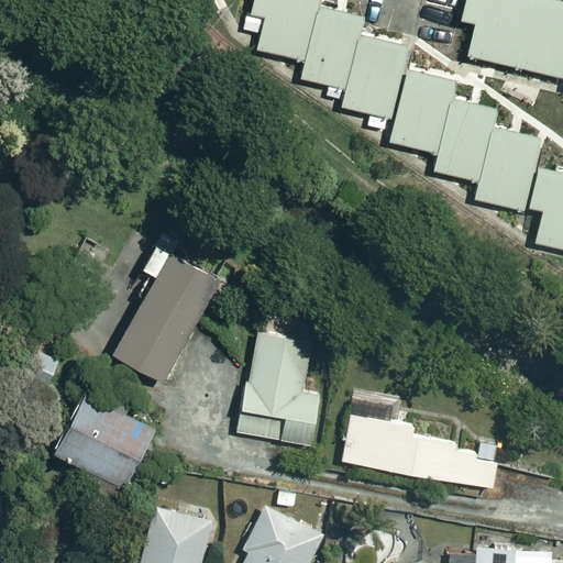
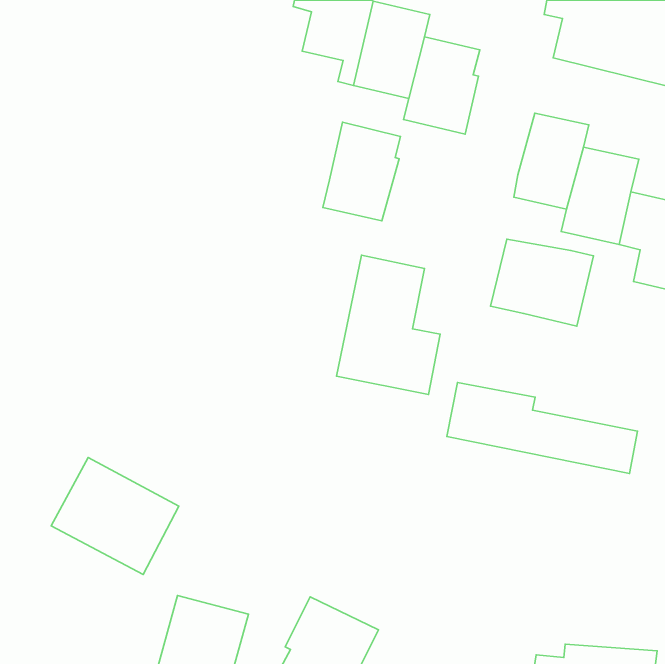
building: [389,70,454,153] -> [323,122,400,221]
building: none -> [491,239,593,326]
building: [112,240,221,379] -> none
building: [238,330,324,446] -> [336,255,440,395]
building: [342,413,501,489] -> [447,383,638,473]

